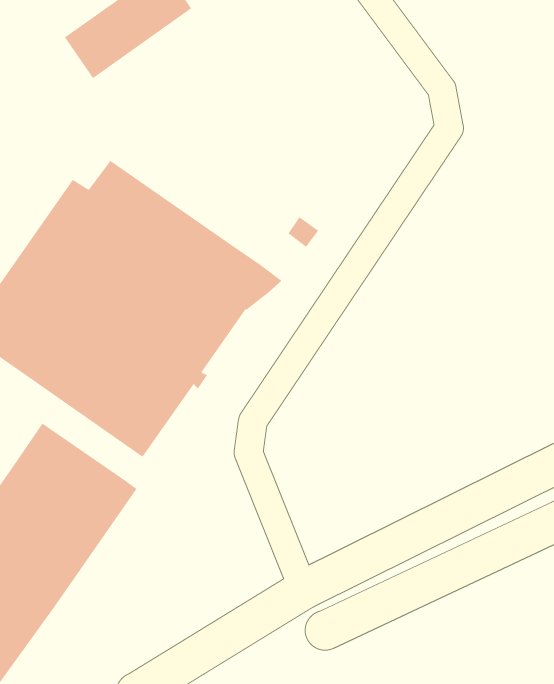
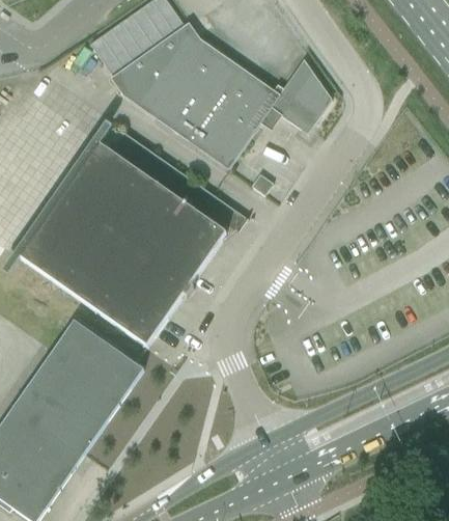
building: none -> [109,21,331,168]

